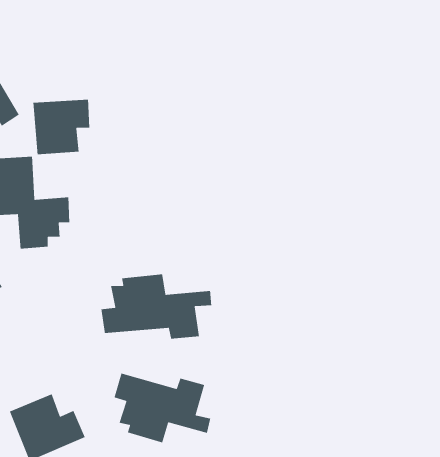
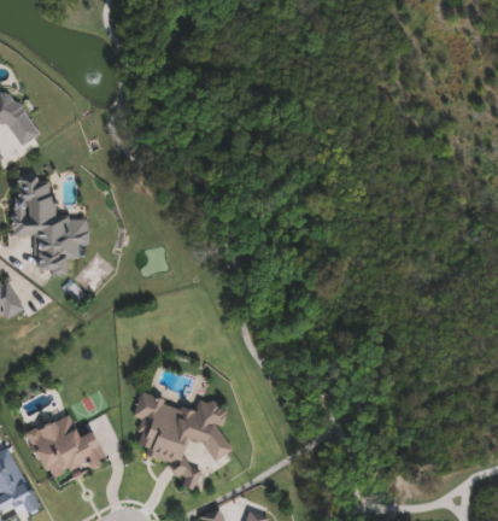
building: [33,99,90,155] -> none
building: [101,274,212,339] -> none

